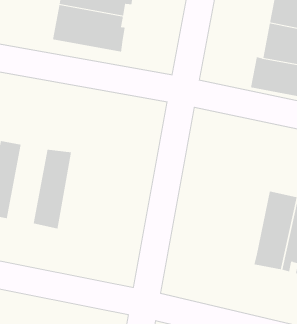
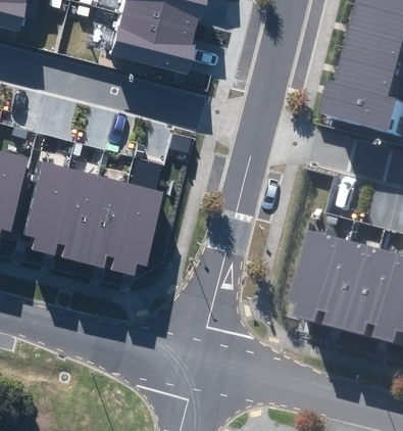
building: none -> [46,170,96,260]
building: none -> [106,182,164,274]
building: none -> [286,230,347,322]

